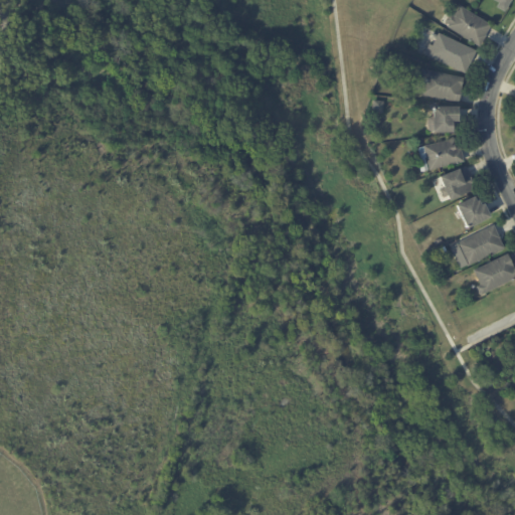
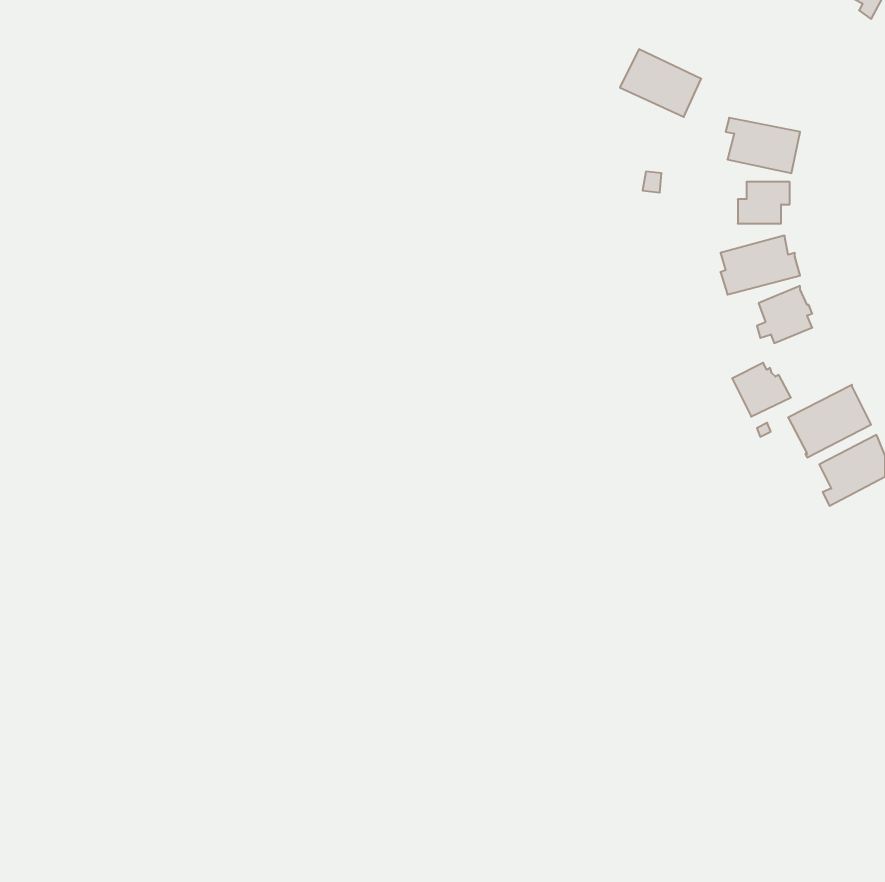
building: [447,4,492,45] -> none
building: [428,33,476,72] -> [620,49,701,117]
building: [457,196,491,227] -> [732,363,791,417]

